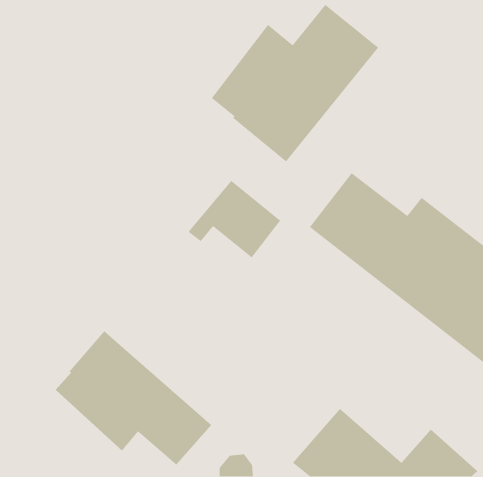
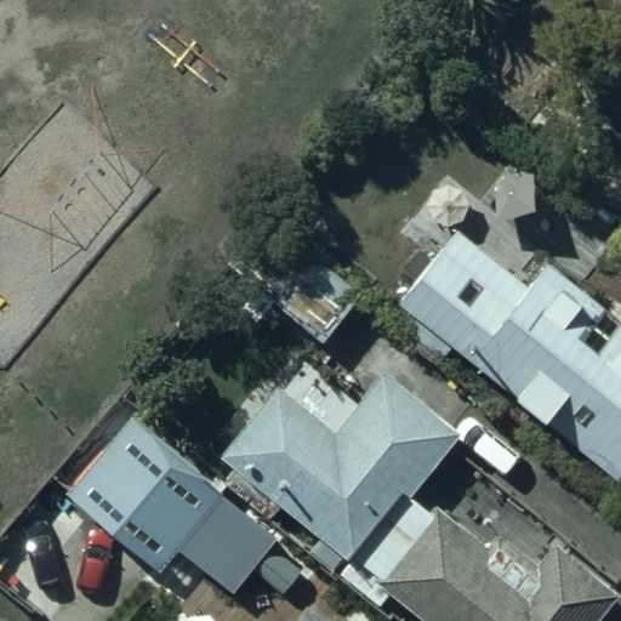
building: [211,4,379,162] -> none
building: none -> [224,387,452,568]

